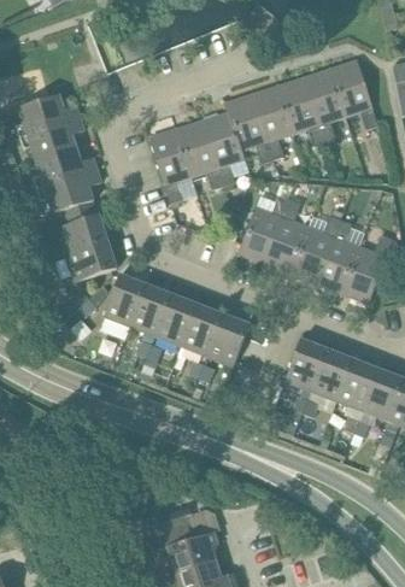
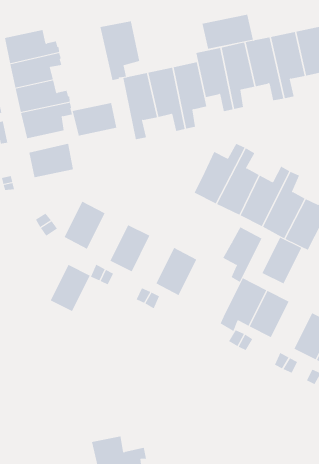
building: none -> [202,14,254,50]
building: none -> [100,20,140,81]
building: [65,241,116,281] -> [72,103,117,136]
building: none -> [222,227,262,283]
building: [130,284,171,335] -> [50,264,91,312]
building: [181,304,223,354] -> none
building: [338,359,378,410] -> [261,237,302,284]

